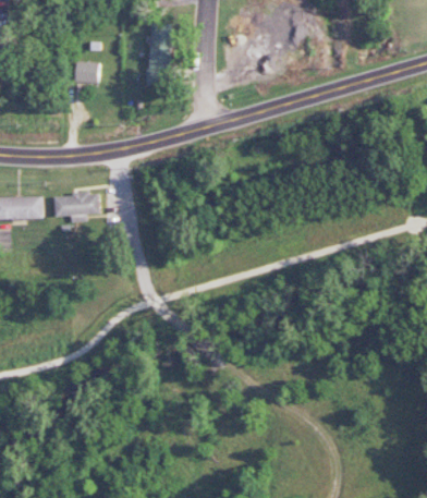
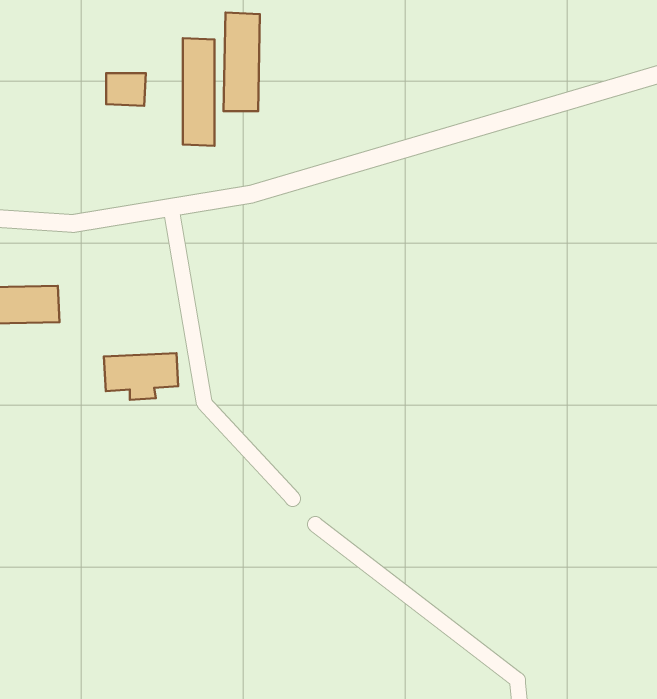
building: none -> [183,38,214,146]
building: [53,193,100,222] -> [104,353,178,400]

